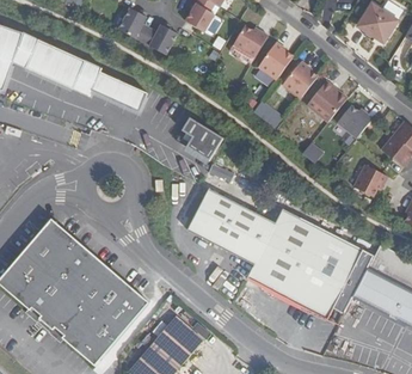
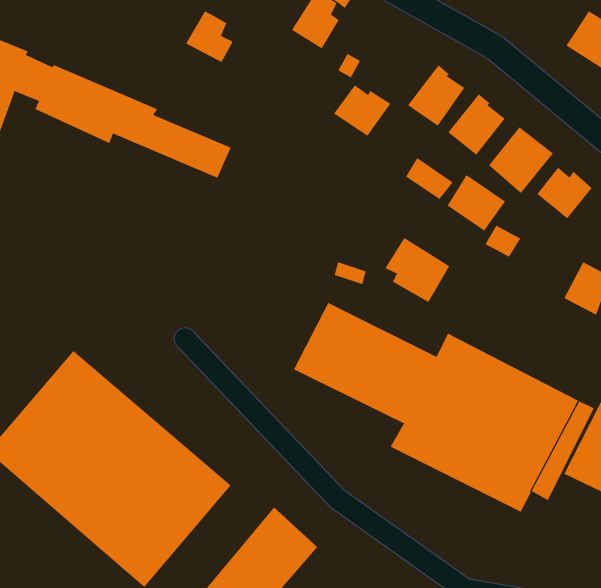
building: [142,24,178,54] -> none
building: [236,27,272,60] -> [333,84,391,137]
building: none -> [447,174,506,232]
building: [182,119,222,160] -> [385,237,450,303]

